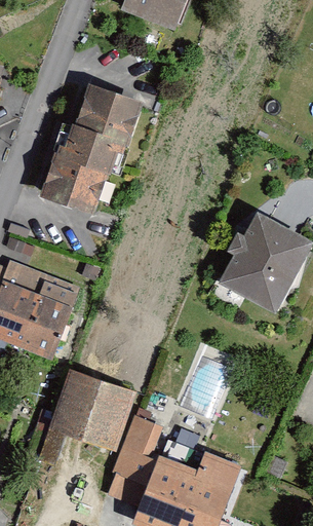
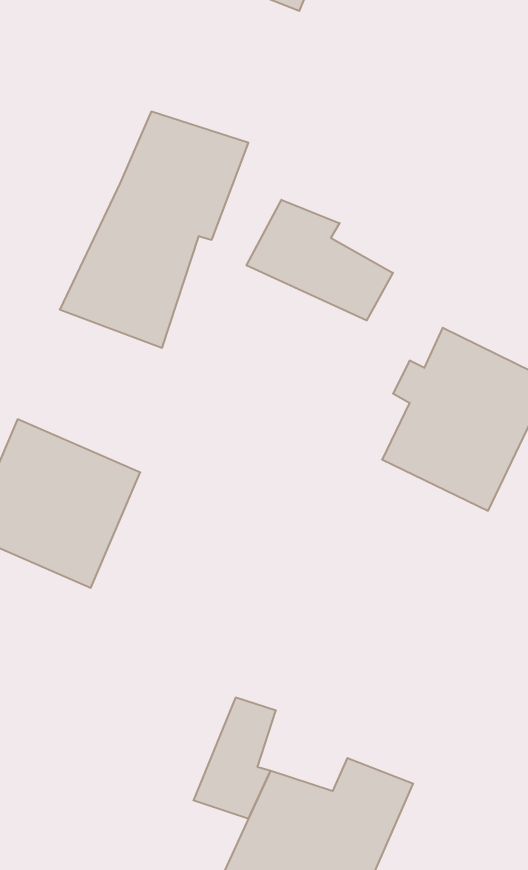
building: none -> [246,200,393,320]
building: [34,365,135,463] -> none

